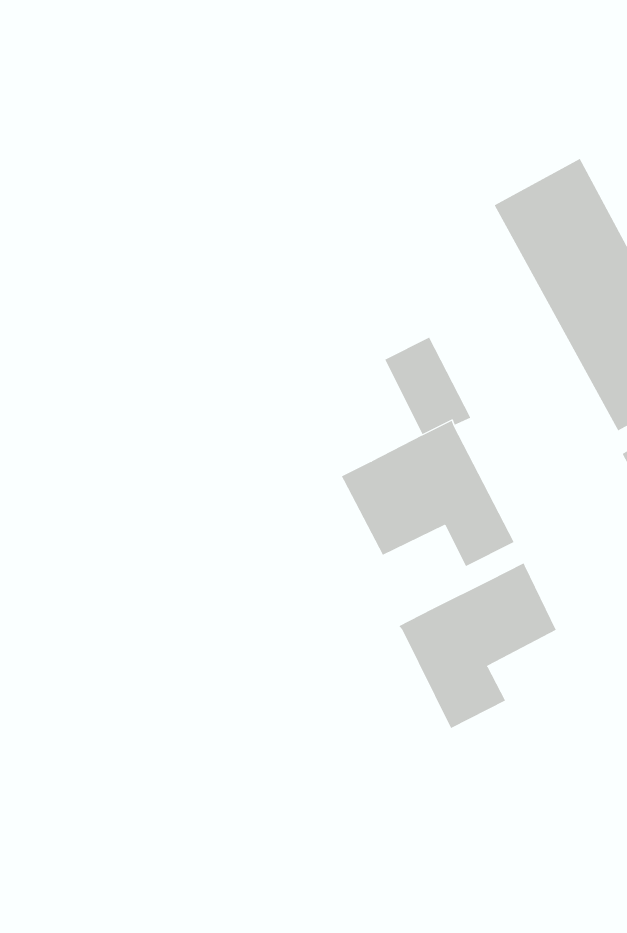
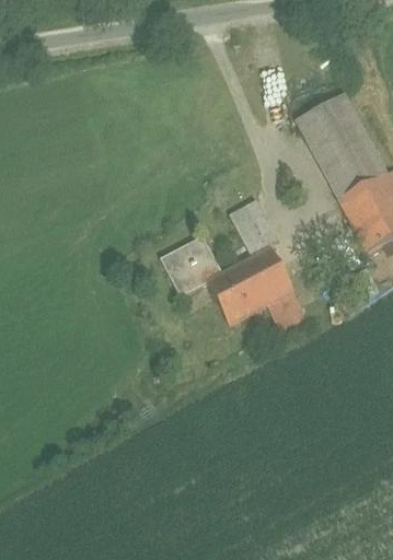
building: none -> [159,232,222,294]
building: [399,562,557,729] -> none

